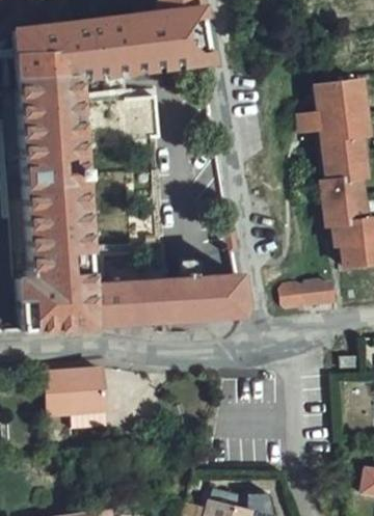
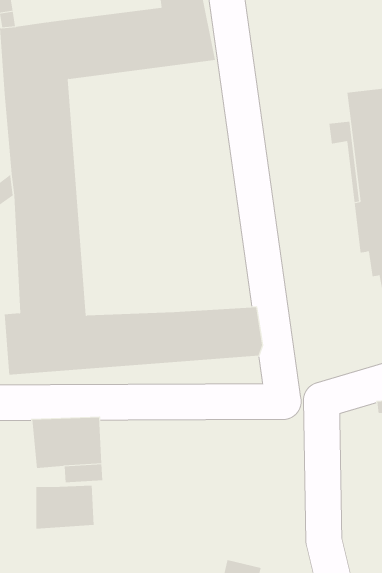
building: [284,281,337,308] -> none
building: none -> [36,485,94,530]

